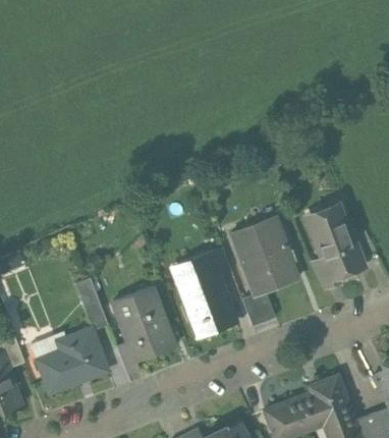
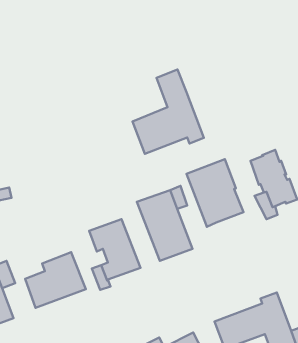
building: none -> [132,69,204,154]
building: [75,278,108,330] -> none
building: [241,291,275,327] -> none

